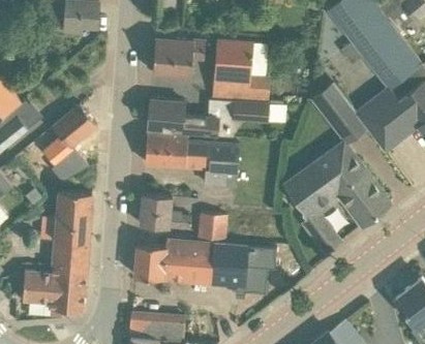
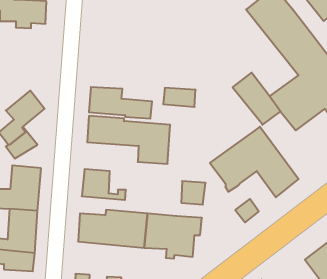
building: [152,38,206,76] -> none
building: [212,40,270,100] -> none
building: [199,214,226,241] -> [181,181,206,205]

